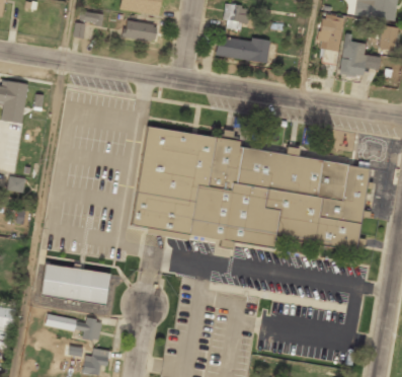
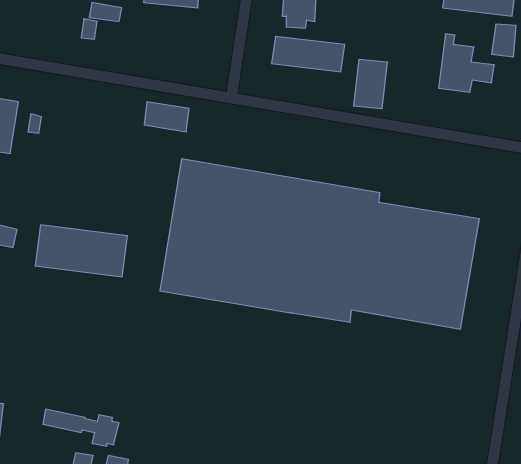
building: [319,14,344,51] -> [354,59,388,108]
building: [125,20,158,43] -> [144,102,189,132]
building: [43,266,111,304] -> [35,225,128,277]

